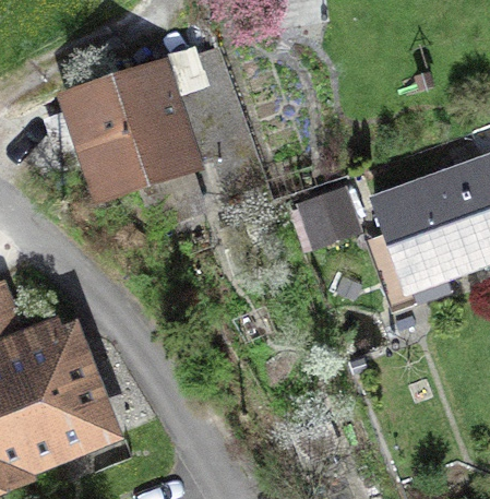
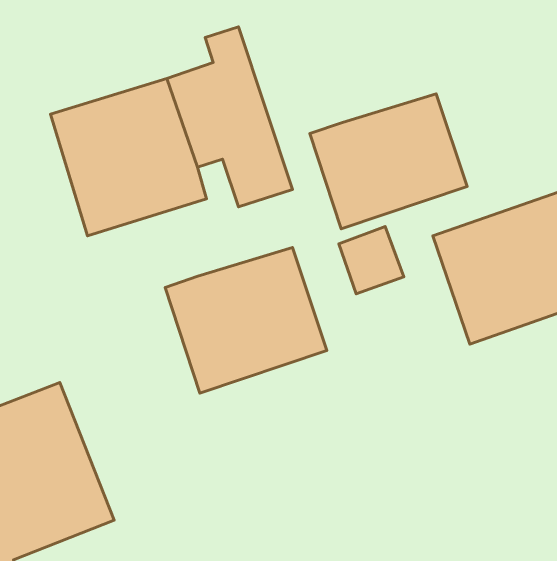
building: none -> [310,94,467,229]
building: none -> [165,247,327,393]

